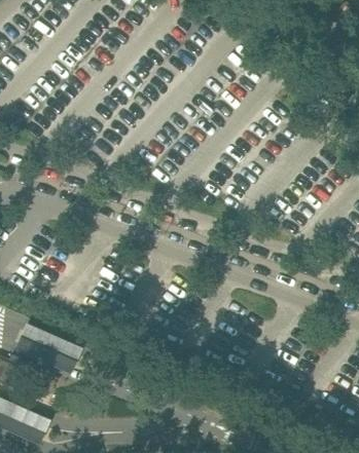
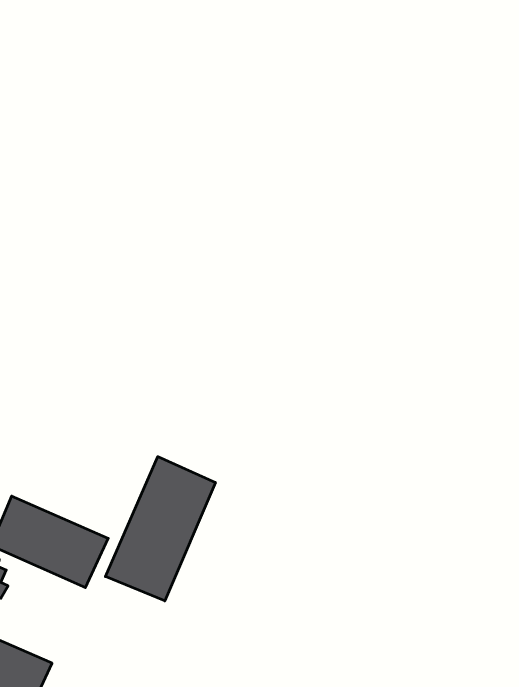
building: none -> [105,457,215,601]

